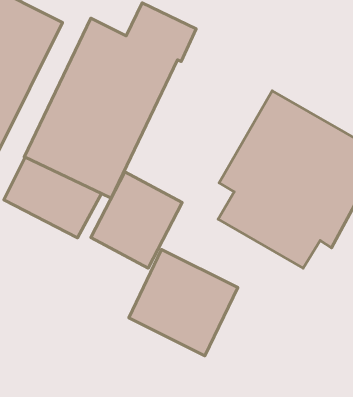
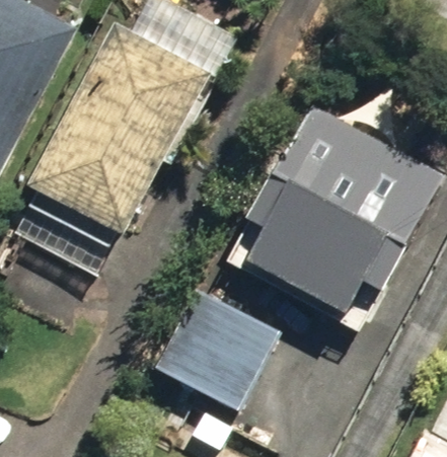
building: [91,172,182,268] -> none

